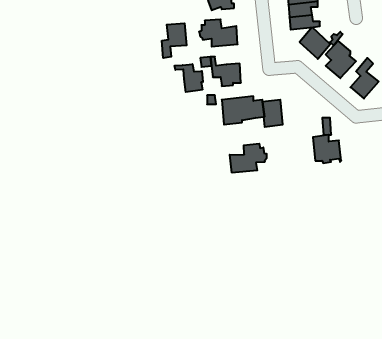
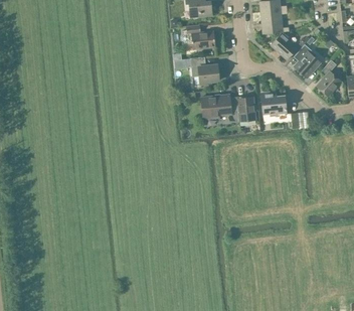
building: [162,23,187,58] -> none
building: [175,64,203,92] -> none
building: [313,135,341,163] -> [261,91,287,116]
building: [230,144,267,173] -> none

